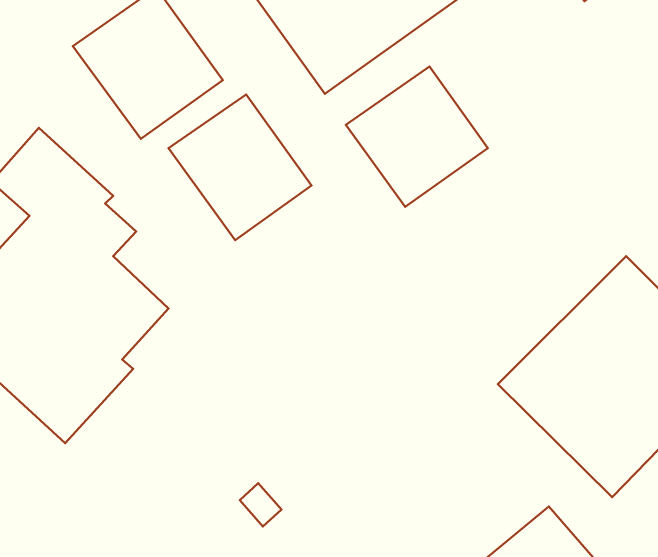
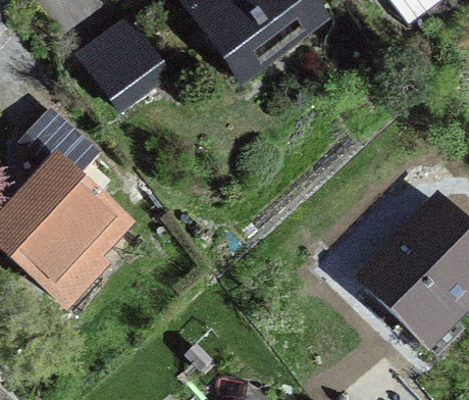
building: [346,67,488,207] -> none
building: [168,94,312,240] -> none

